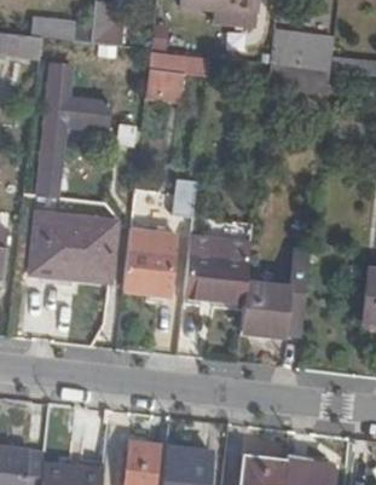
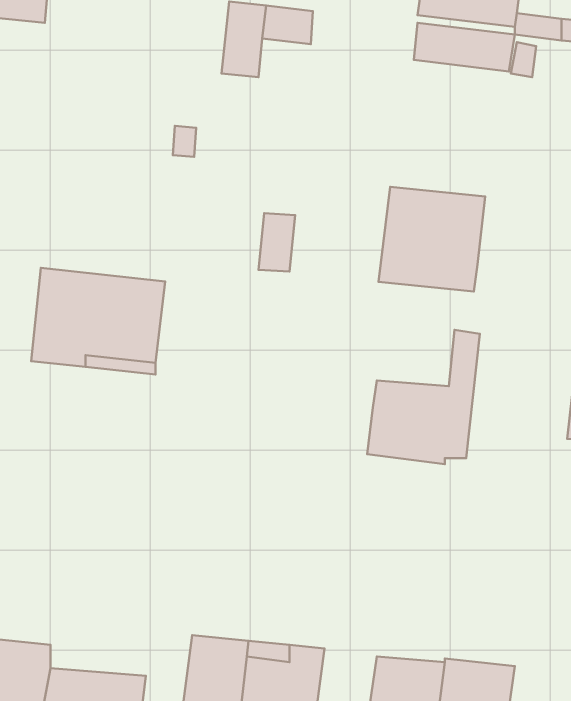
building: [37,68,111,197] -> none
building: [122,230,174,295] -> none
building: [184,236,250,301] -> [378,187,485,292]

